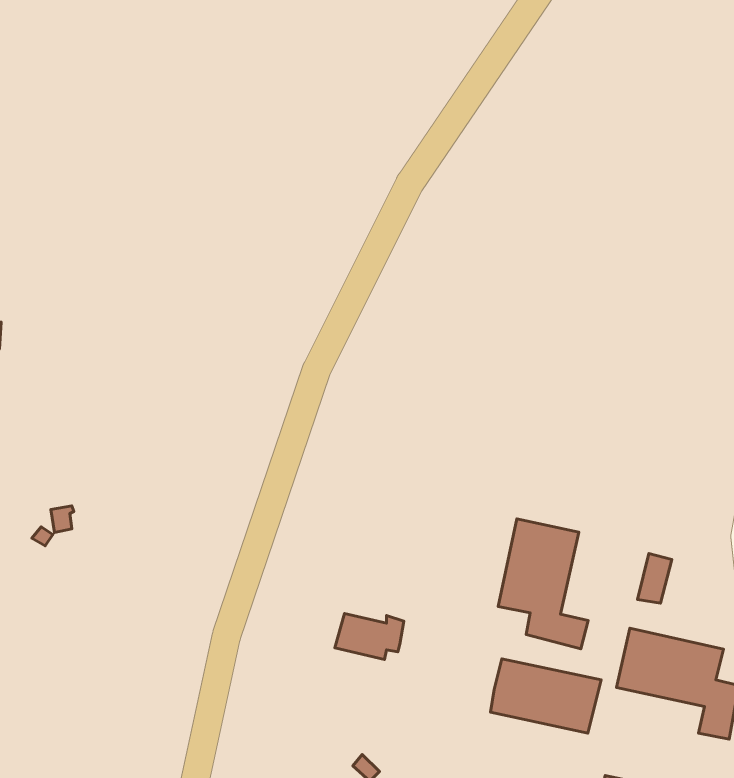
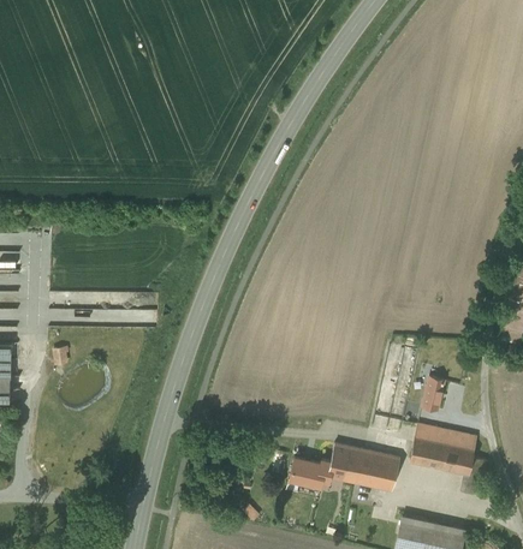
building: [498,519,588,649] -> none
building: [335,614,404,659] -> [289,458,332,487]

